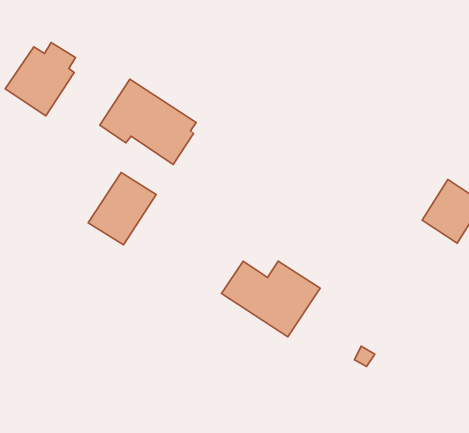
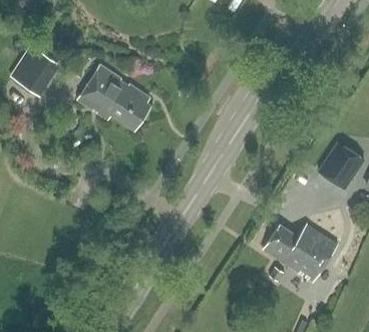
building: [88,172,156,245] -> none
building: [221,261,320,337] -> [263,224,336,280]

